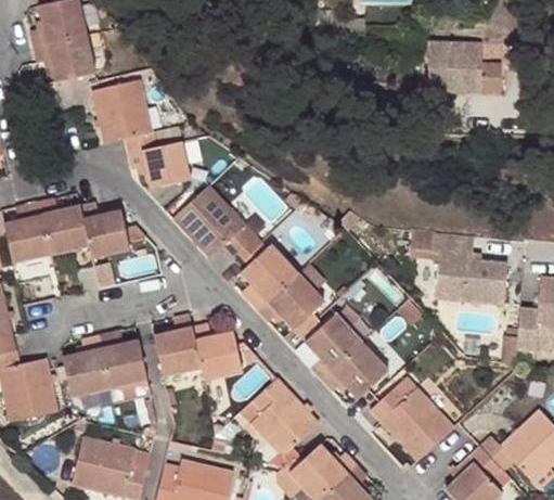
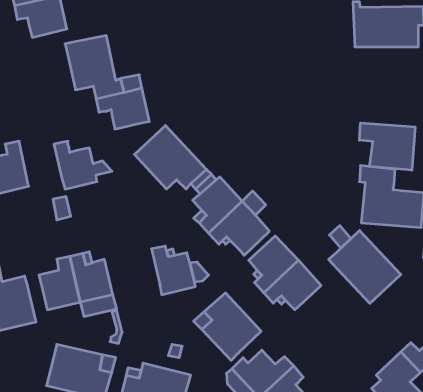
building: none -> [359,123,415,170]
building: [39,197,89,254] -> none
building: [154,313,202,376] -> none
building: [371,374,454,459] -> [329,230,401,303]

